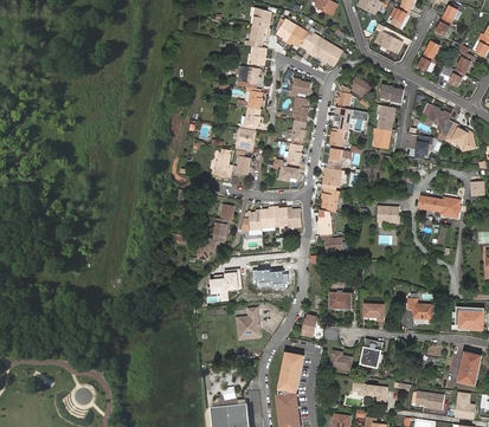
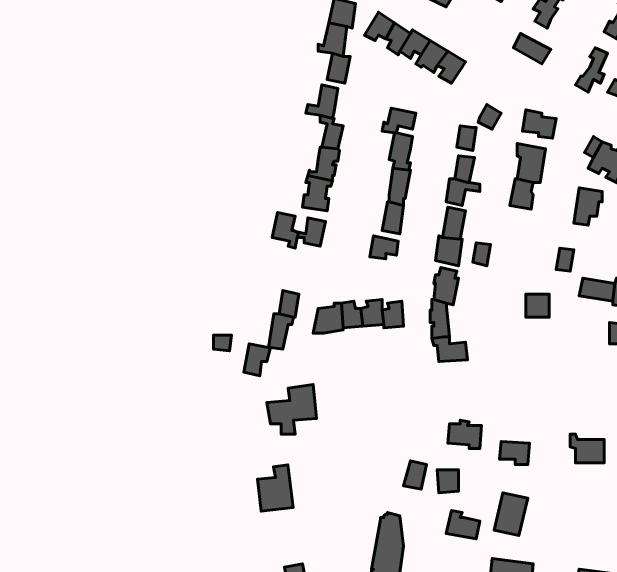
building: [252,267,290,289] -> none
building: [237,306,260,337] -> [258,465,293,511]

